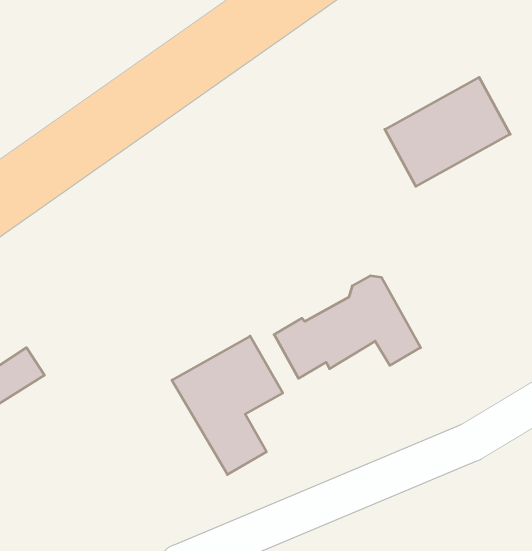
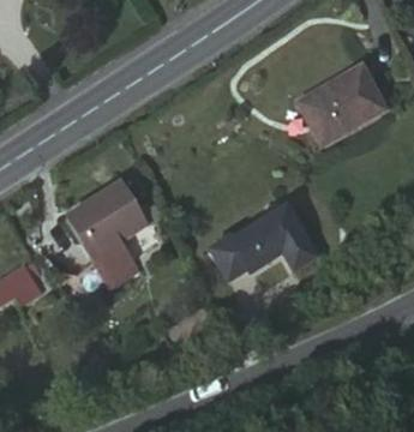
building: [172,336,283,475] -> [67,184,149,286]

